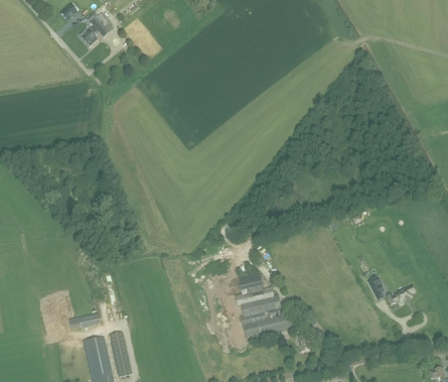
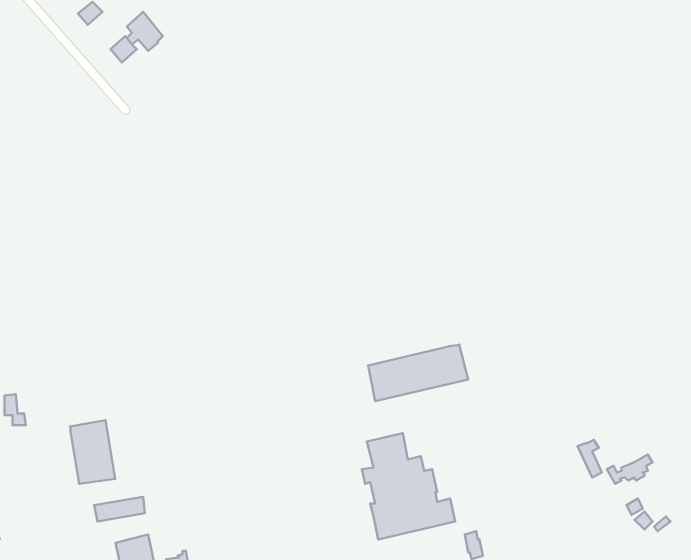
building: none -> [368,344,468,401]
building: none -> [70,420,115,484]

